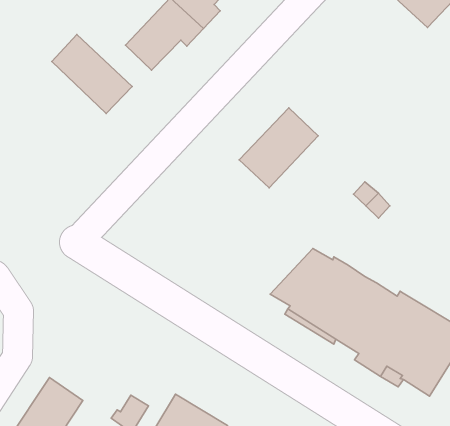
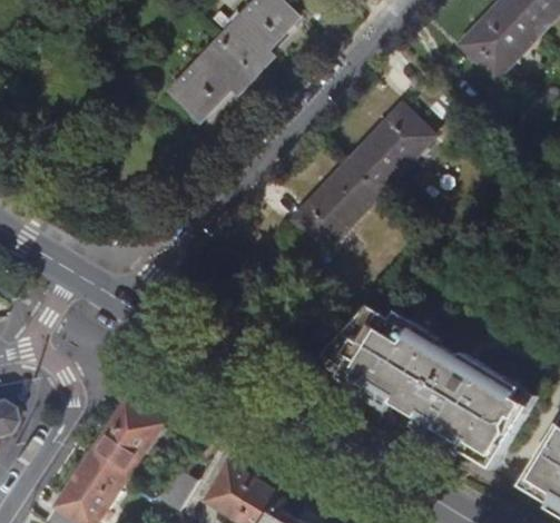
building: [52,34,132,113] -> none
building: none -> [348,103,434,190]
building: none -> [92,396,164,473]

